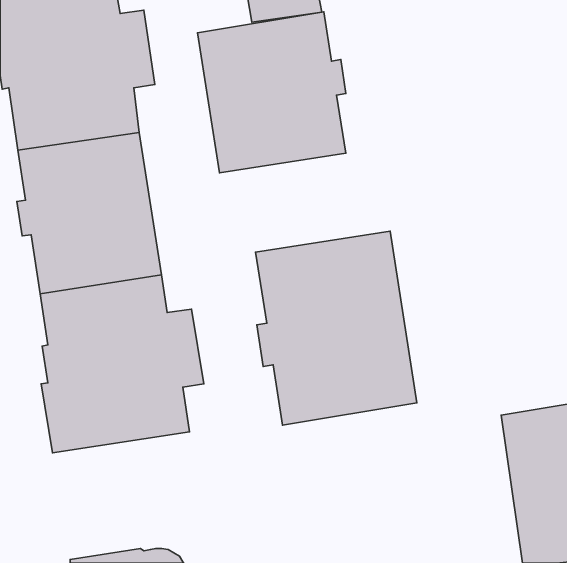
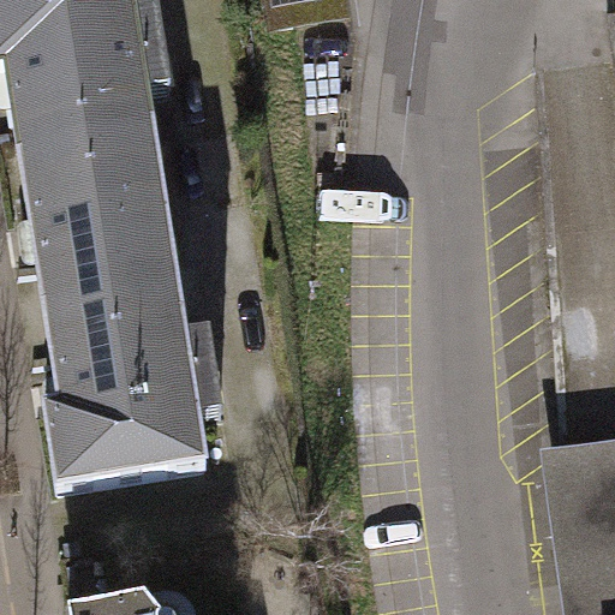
building: [198,12,346,173] -> none
building: [255,231,417,425] -> none

